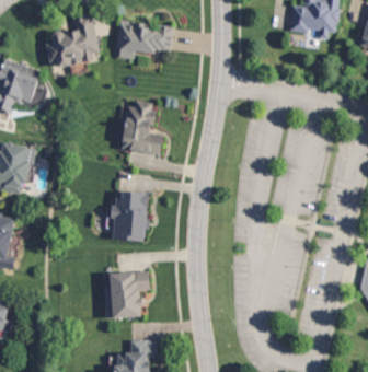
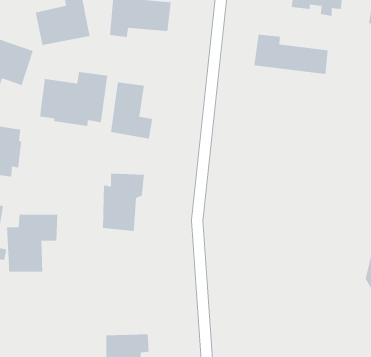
building: none -> [253,34,328,75]
building: none -> [39,71,108,127]
building: [101,263,150,318] -> [6,214,58,273]

